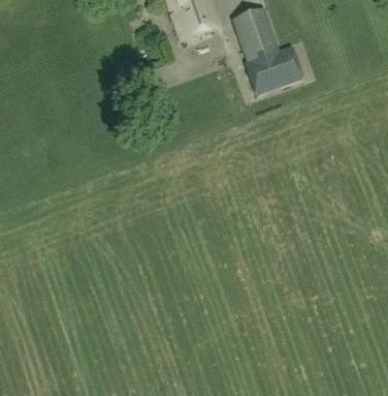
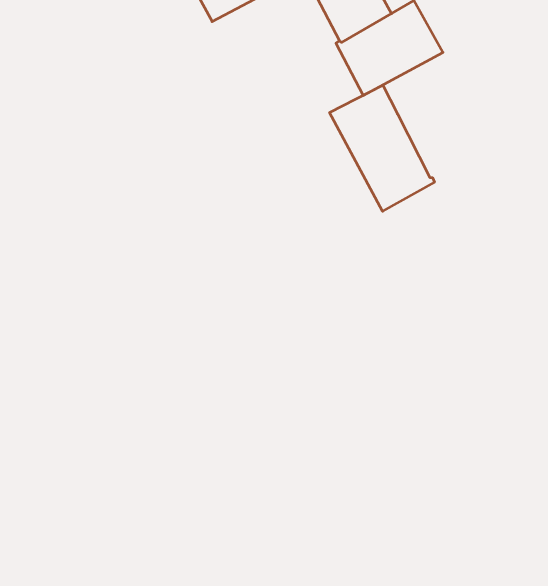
building: none -> [330,85,434,211]

